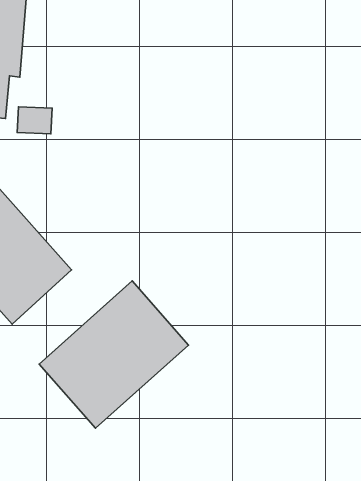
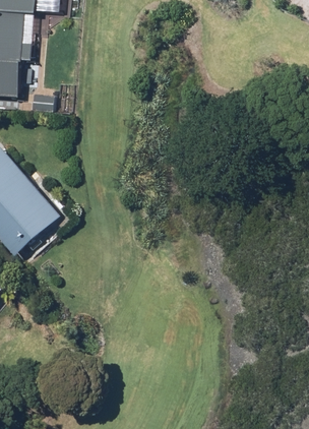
building: [39,281,188,428] -> none

